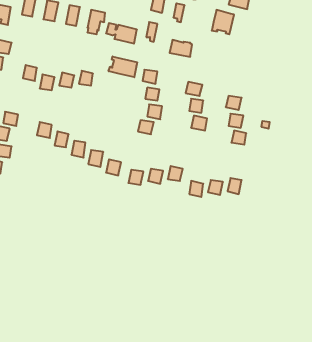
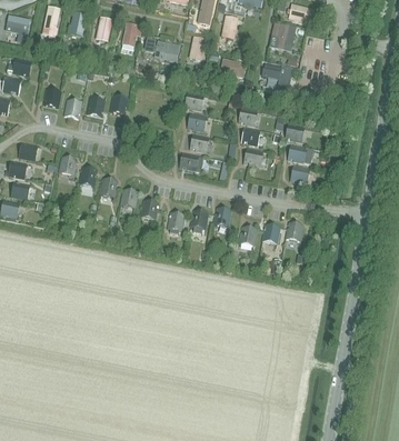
building: none -> [260,63,291,91]
building: [109,56,137,77] -> none

